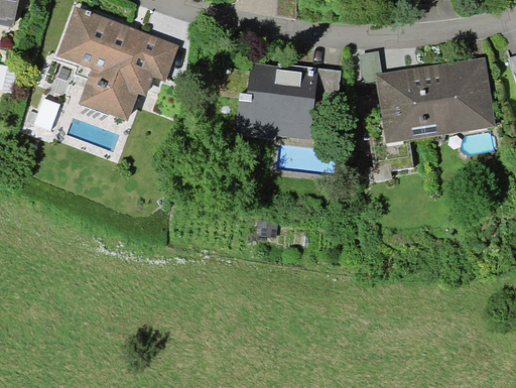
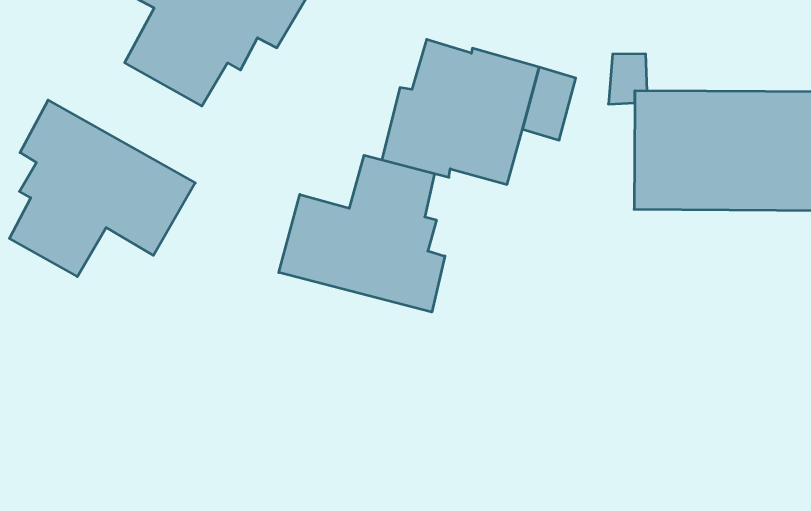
building: none -> [9,100,195,277]
building: none -> [279,155,445,312]

